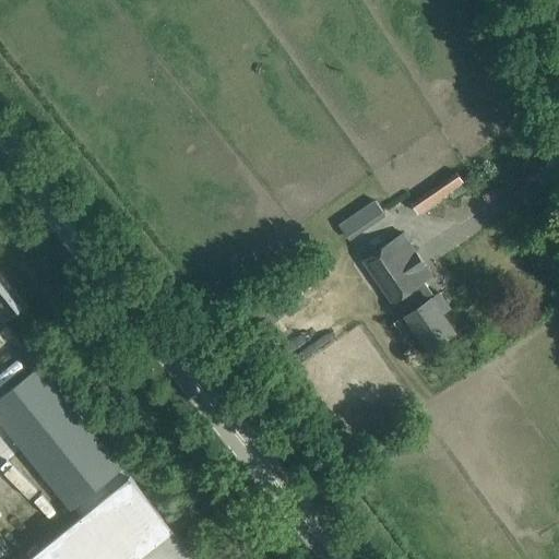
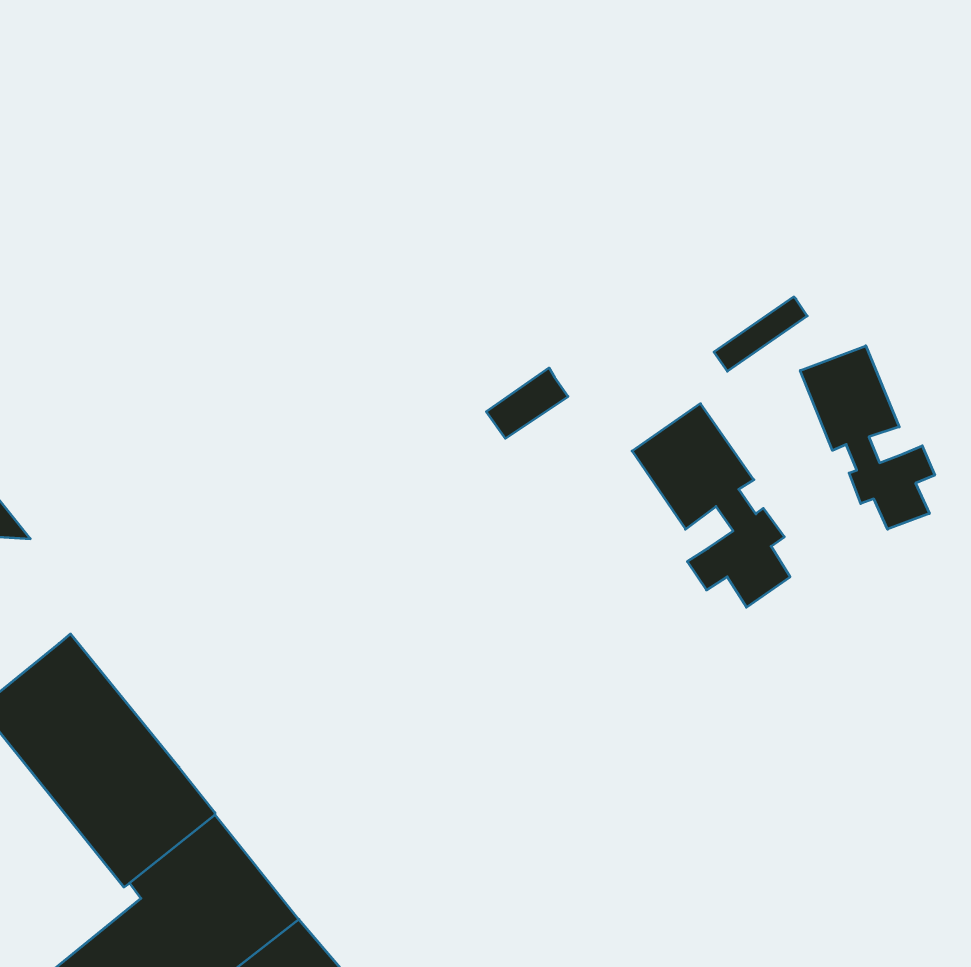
building: none -> [800,346,935,529]
building: [337,202,384,242] -> [486,368,568,438]

